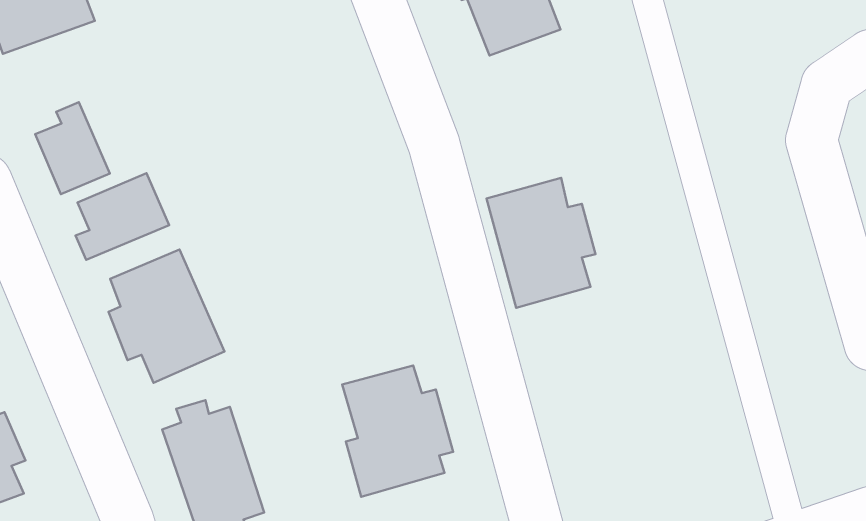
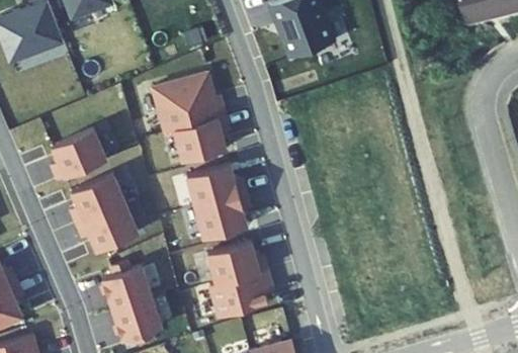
building: none -> [148,73,230,163]
building: [35,102,110,194] -> none
building: [487,178,596,308] -> [185,164,249,240]

